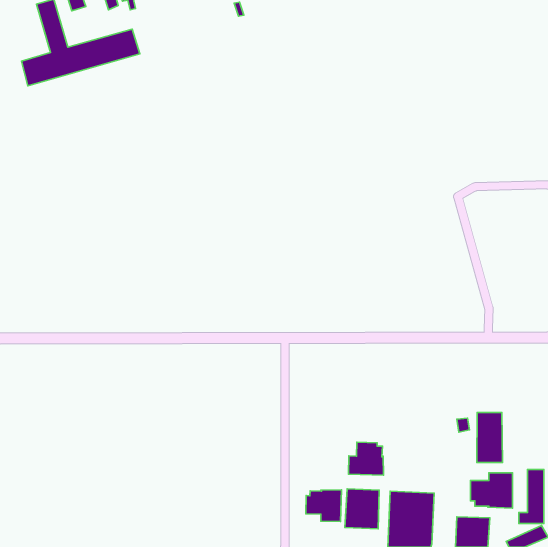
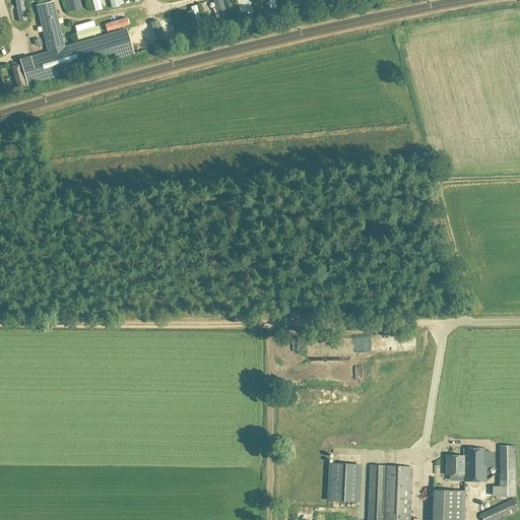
building: [477,412,503,462] -> none
building: [348,442,384,475] -> none
building: [306,490,341,522] -> none

